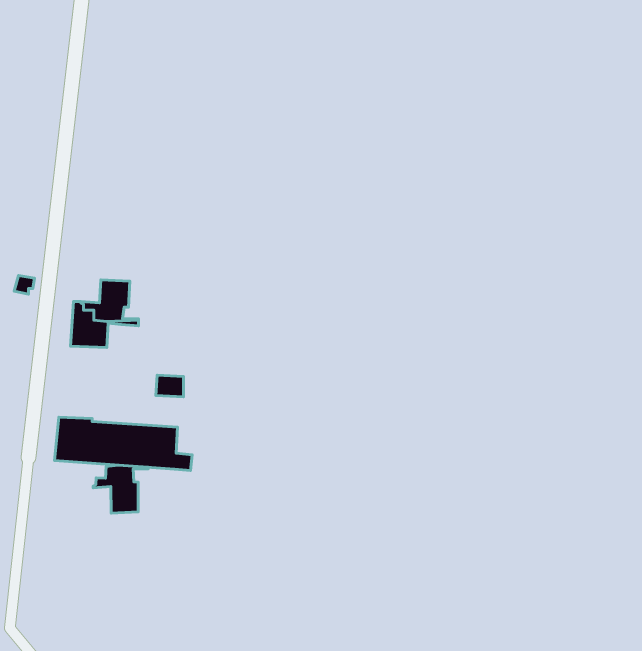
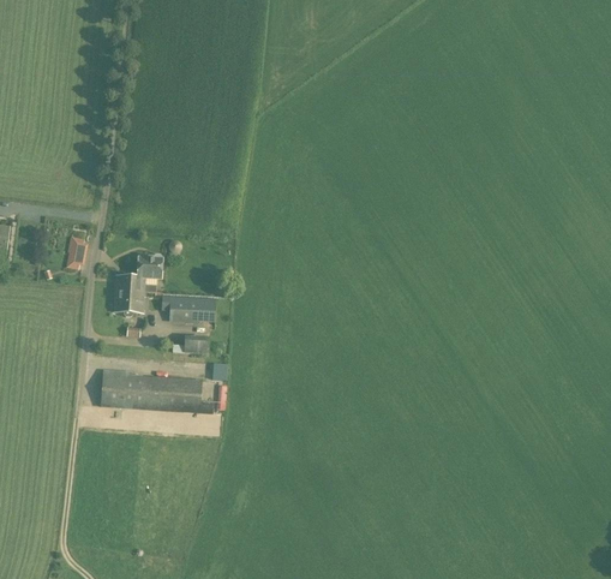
building: none -> [160,294,215,323]
building: [93,465,148,513] -> none

